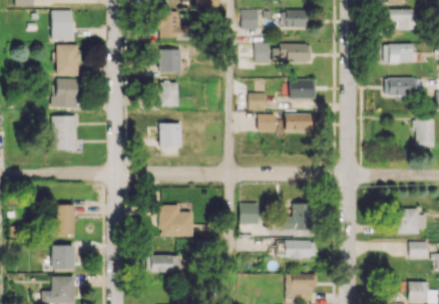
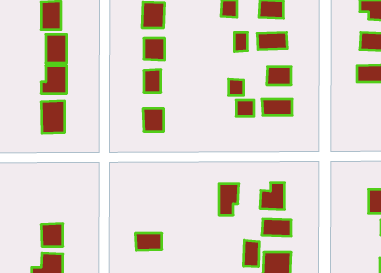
building: [54,205,74,235] -> none
building: [159,205,193,236] -> none
building: none -> [244,240,259,267]

